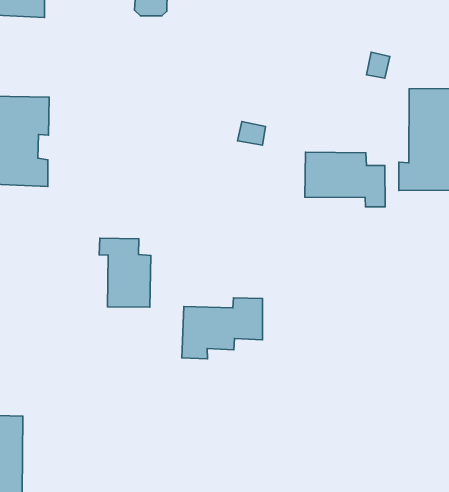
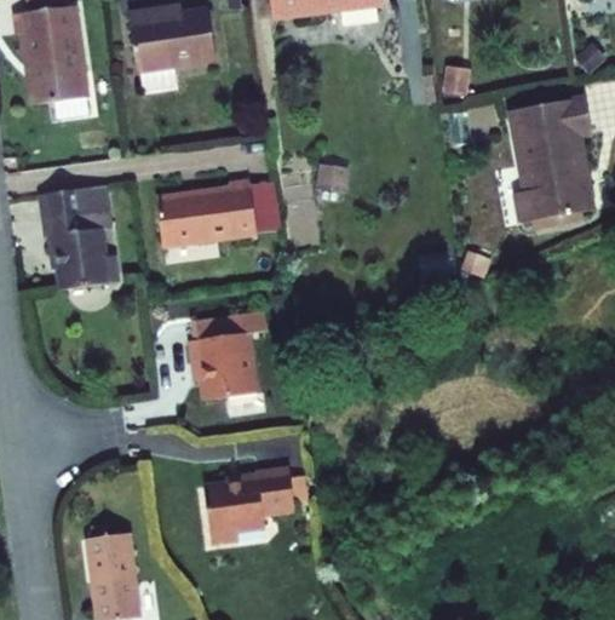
building: none -> [162,182,261,242]
building: [305,152,385,207] -> none
building: [182,298,263,359] -> [201,454,292,533]

